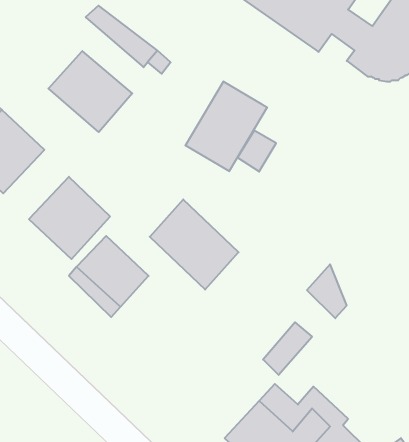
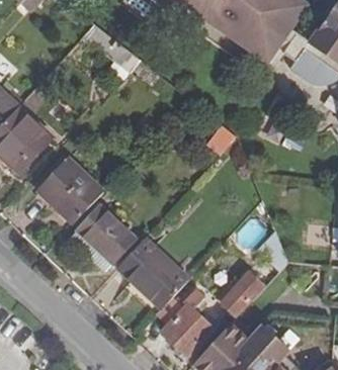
building: [48,51,132,132] -> none
building: [185,81,267,171] -> none
building: [150,199,239,290] -> [116,237,186,307]
building: none -> [159,287,213,357]

